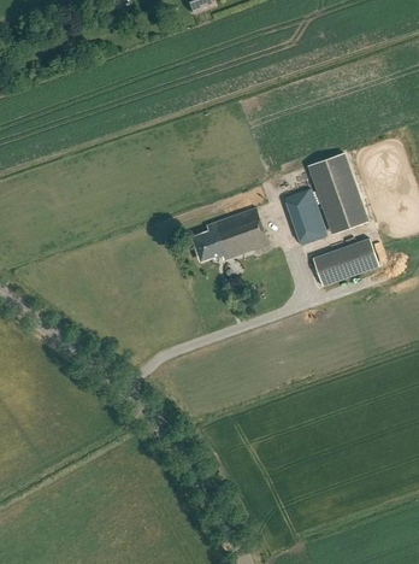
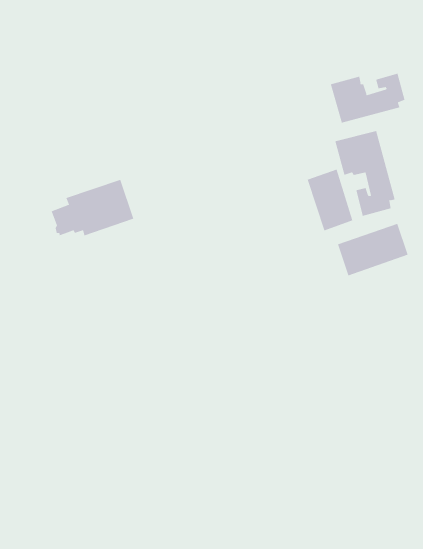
building: none -> [330,73,405,123]
building: [193,210,268,262] -> [51,179,134,236]

